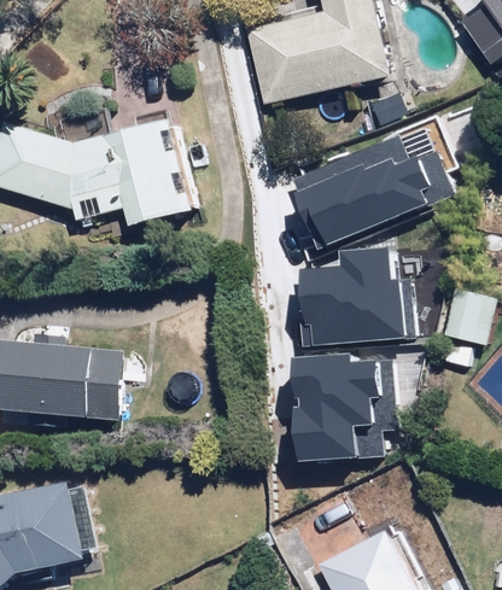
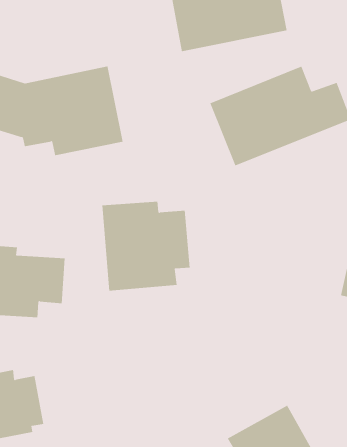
building: [305,243,419,338] -> none
building: [294,343,401,450] -> [101,201,191,291]

